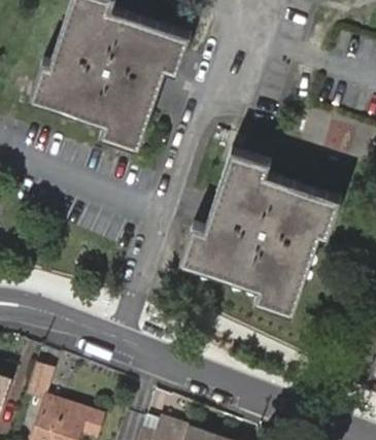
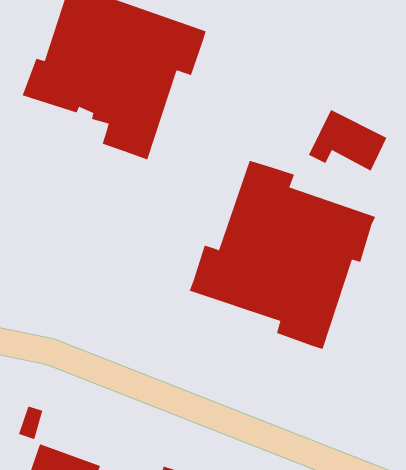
building: none -> [308,109,387,171]

